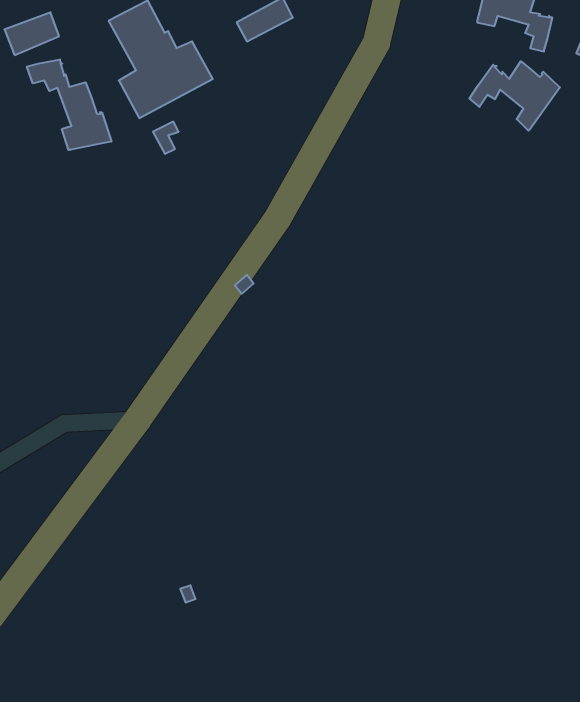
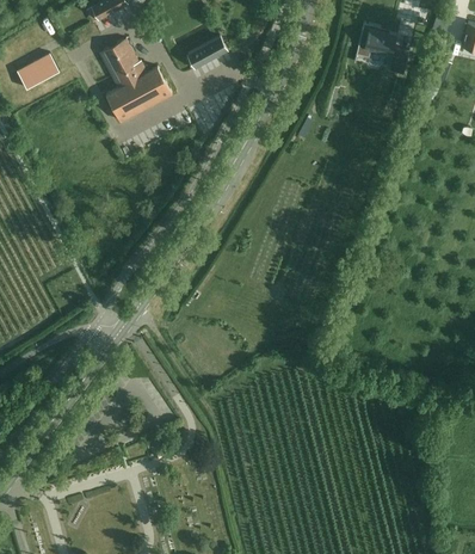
building: [27,59,111,150] -> none
building: [469,61,560,131] -> none

